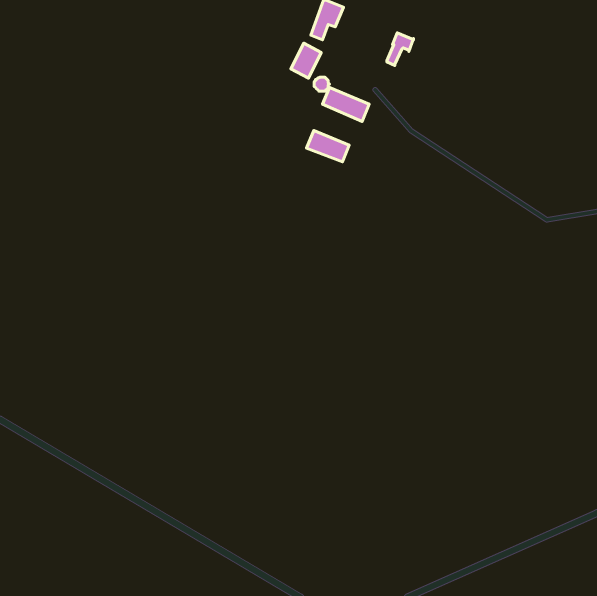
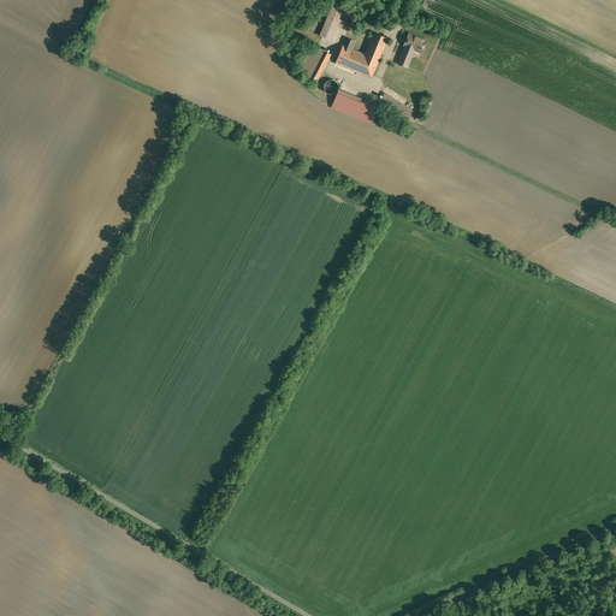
building: none -> [336,34,387,78]
building: [306,131,349,162] -> none

